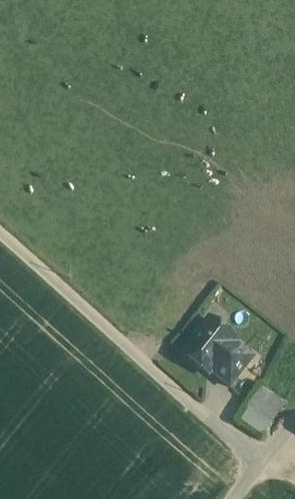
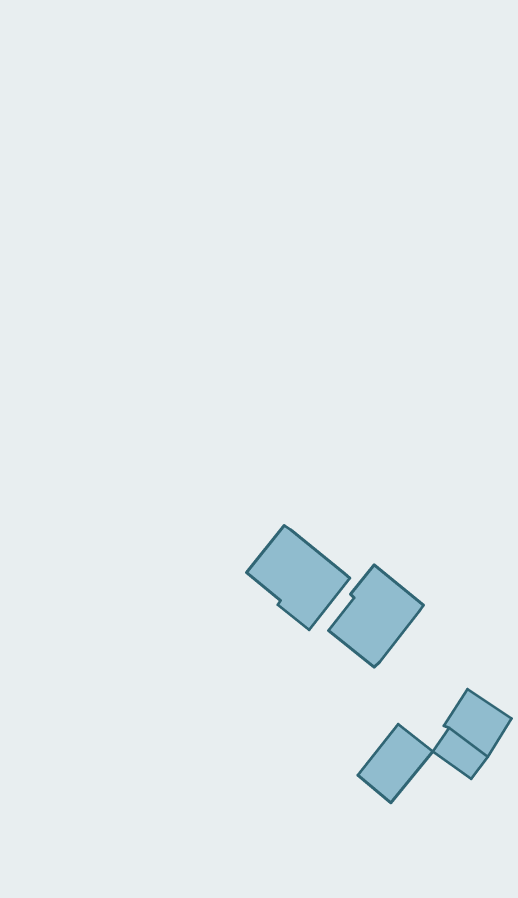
building: none -> [246,525,350,630]
building: [210,339,251,382] -> [358,724,433,803]

